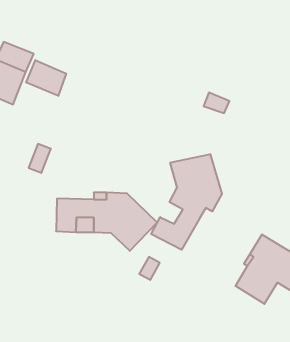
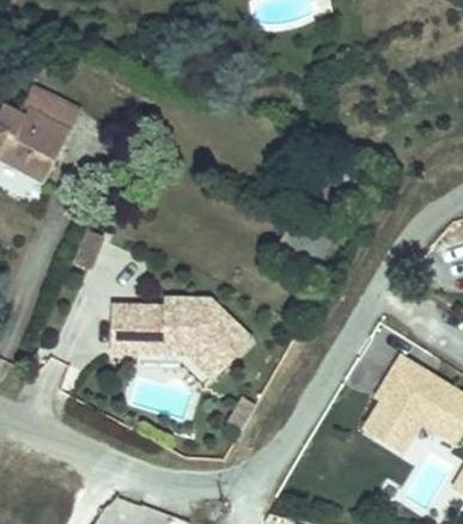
building: [26,60,66,96] -> none
building: [151,154,222,250] -> none

